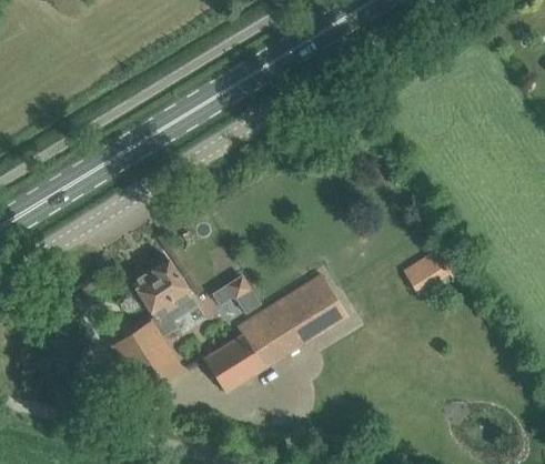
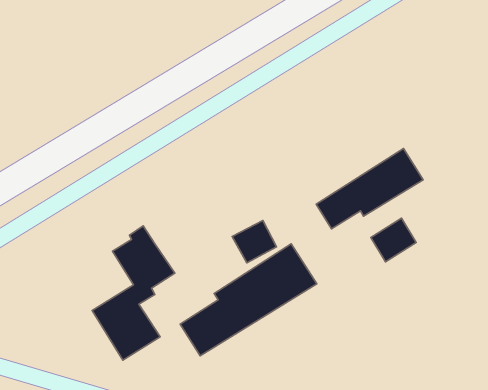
building: none -> [316,149,423,229]
building: [213,273,260,317] -> [232,220,277,263]

